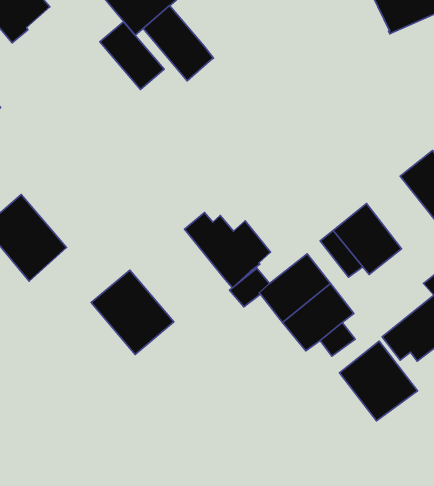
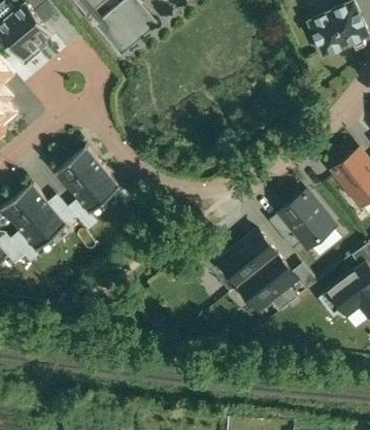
building: [143,6,214,81] -> none
building: [100,22,164,89] -> none
building: [184,212,271,288] -> none
building: [91,270,174,354] -> [55,146,121,213]
building: [340,341,417,421] -> none

